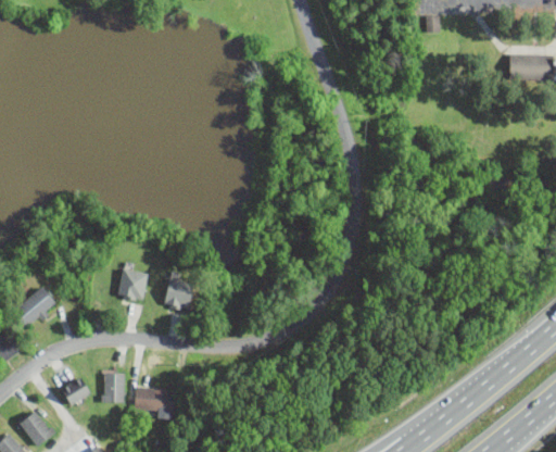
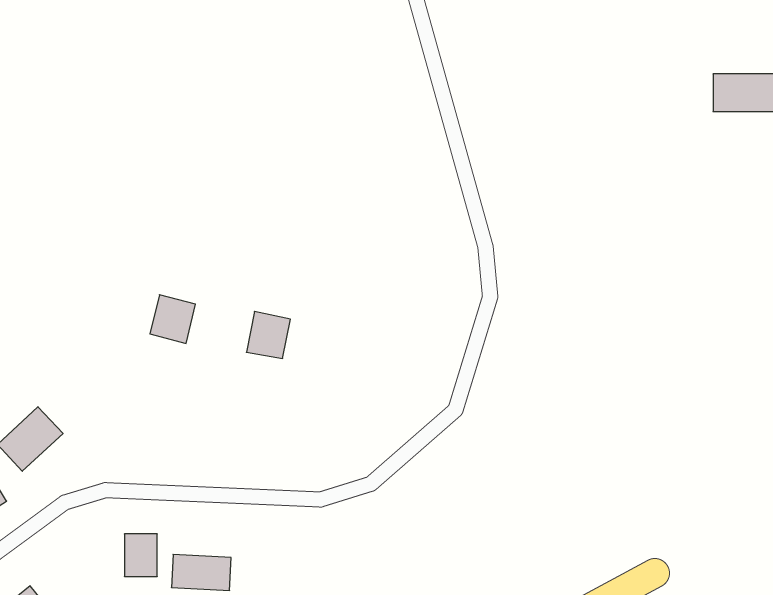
building: [116,267,148,301] -> [150,295,195,343]
building: [163,277,193,310] -> [246,311,290,358]
building: [60,376,90,406] -> none

